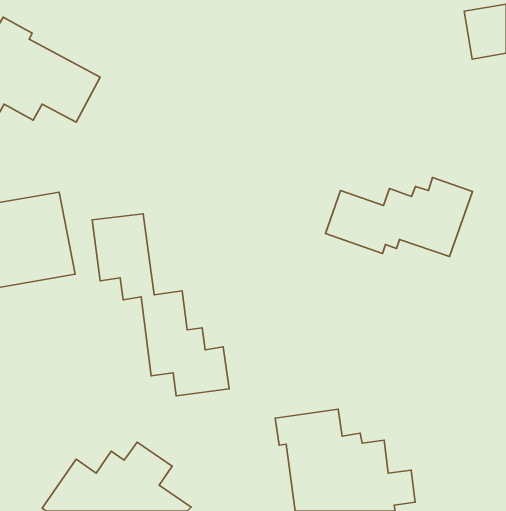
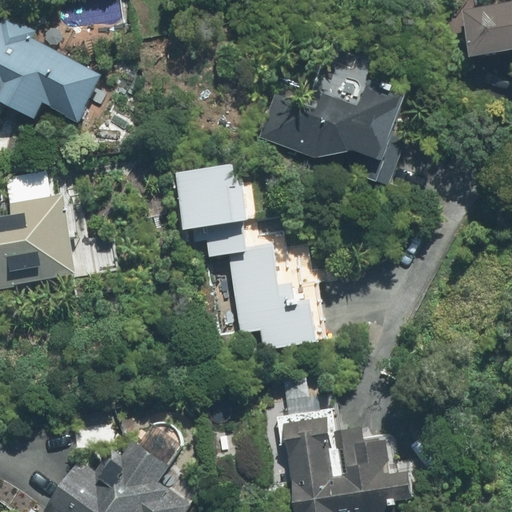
building: [325,177,472,256] -> [259,82,406,161]
building: [92,214,229,396] -> [181,169,318,351]

